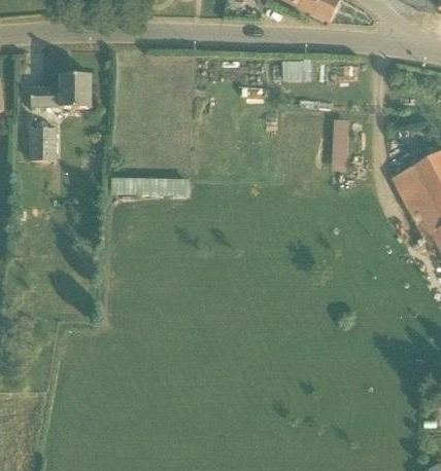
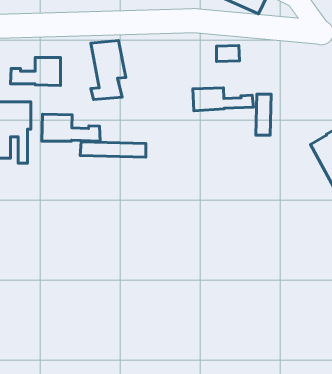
building: none -> [91,41,126,100]
building: none -> [193,88,254,111]
building: none -> [42,114,100,141]

